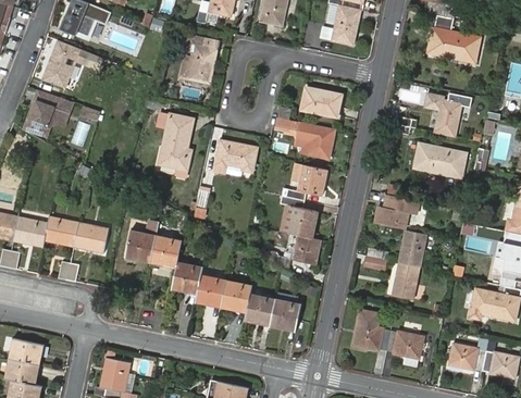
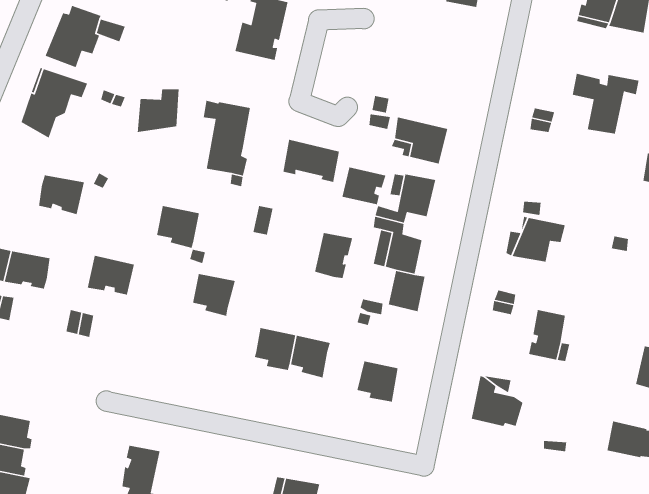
building: [301,89,339,116] -> none
building: none -> [137,89,179,133]
building: [413,142,467,178] -> none
building: none -> [341,166,386,205]
building: none -> [314,232,353,279]
building: [45,217,78,247] -> [38,174,85,215]
building: [398,229,426,266] -> none
building: [122,231,153,262] -> [156,205,200,249]
building: [171,262,200,293] -> none
building: [243,294,273,325] -> none
building: [383,329,423,356] -> none

